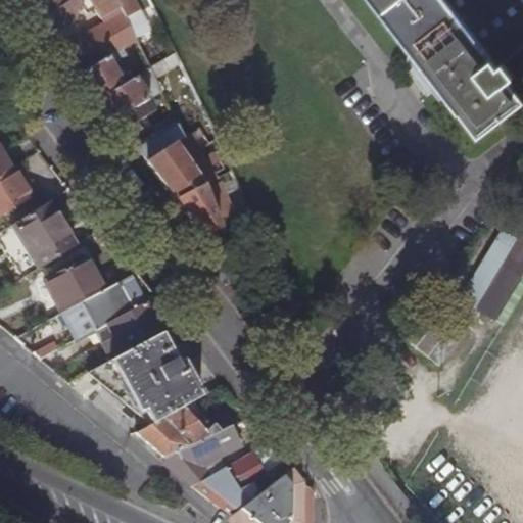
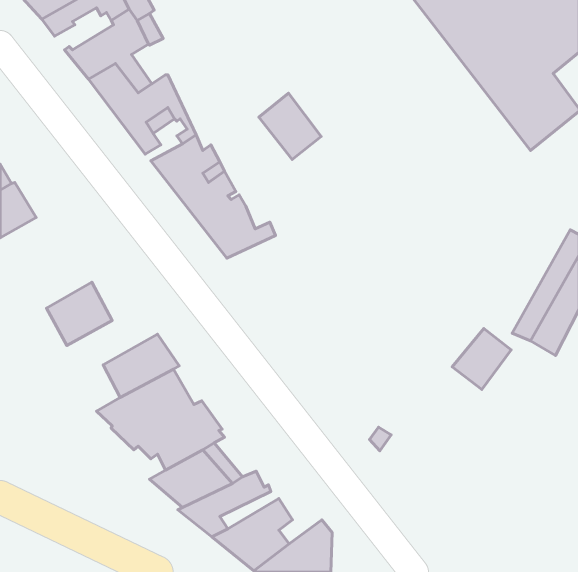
building: none -> [259,93,321,160]
building: [14,200,77,267] -> none
building: [61,271,155,338] -> none

